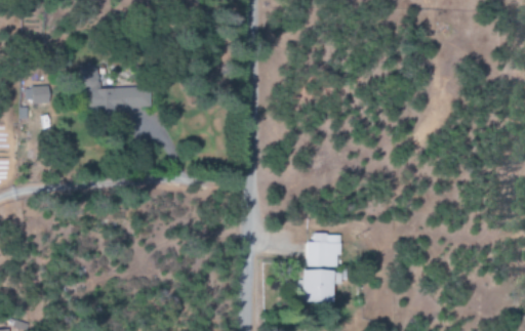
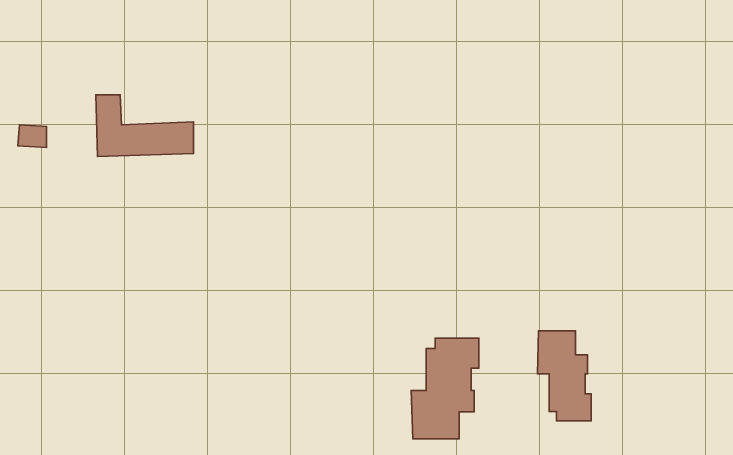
building: none -> [537,331,591,421]

